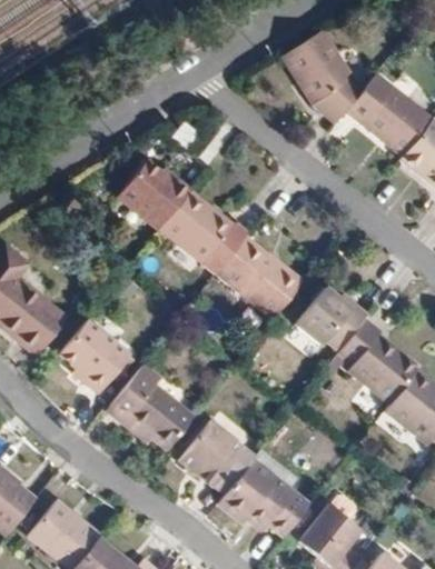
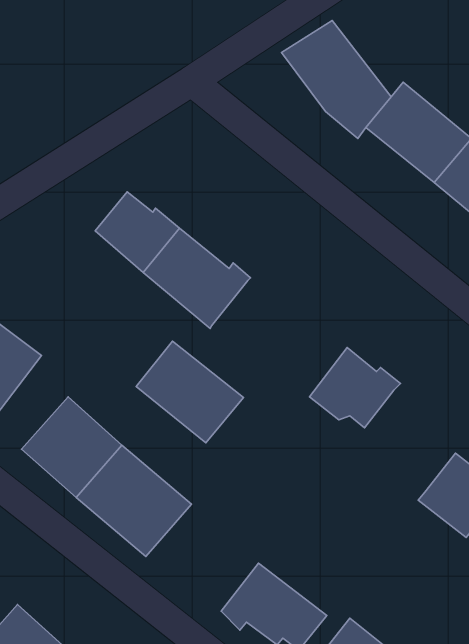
building: [216,233,305,318] -> [136,341,243,443]
building: [343,325,424,409] -> none
building: [178,423,241,486] -> none

